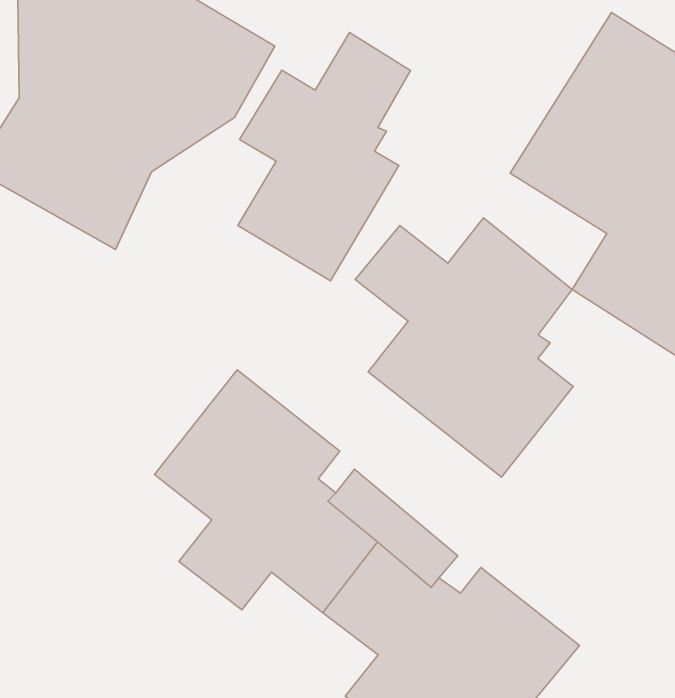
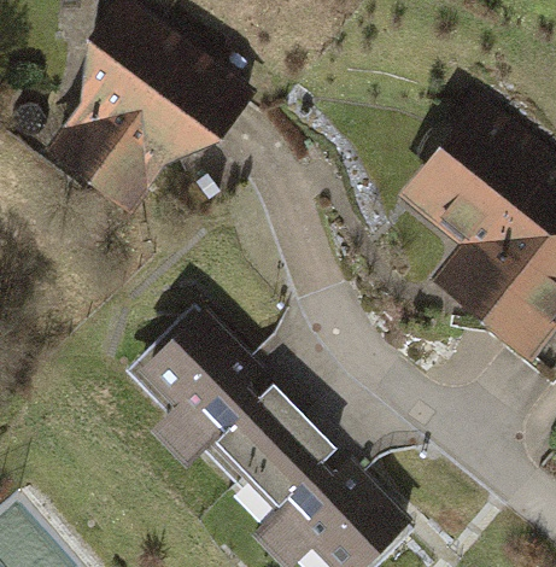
building: [238,32,411,281] -> none
building: [355,218,573,477] -> none

